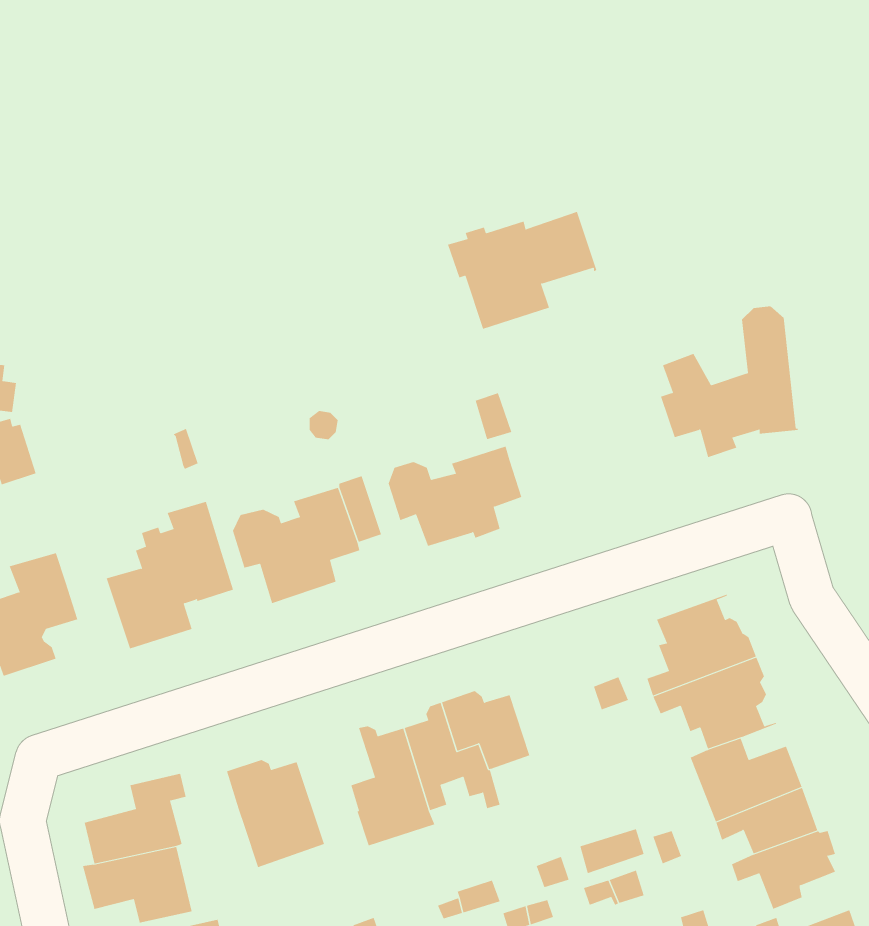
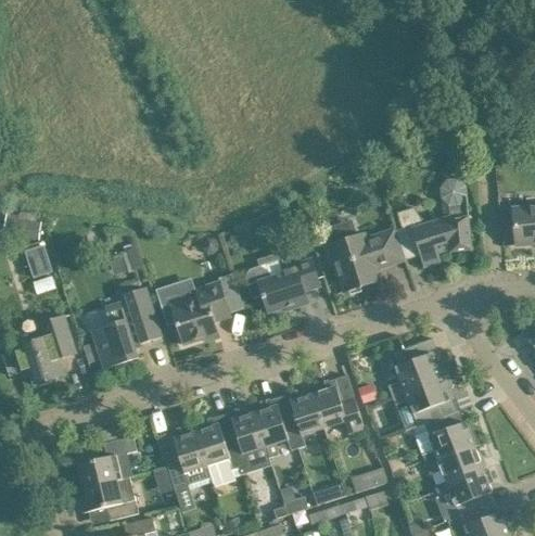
building: [447,211,597,329] -> [322,227,405,292]
building: none -> [313,374,364,432]
building: none -> [195,412,238,487]

